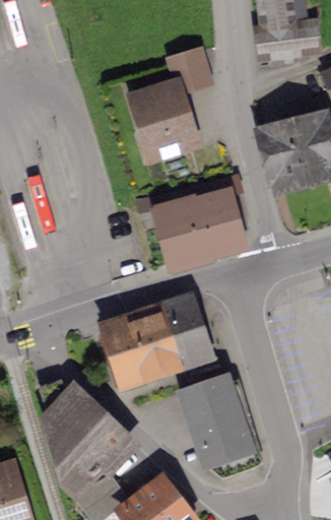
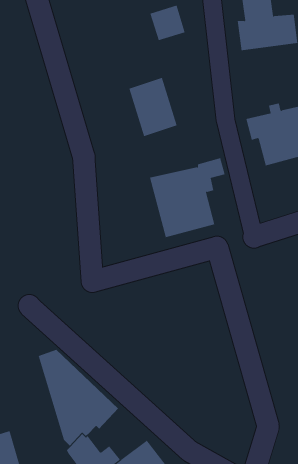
building: [172,49,210,87] -> [150,5,186,41]
building: [103,291,209,385] -> none
building: [192,379,260,474] -> none

